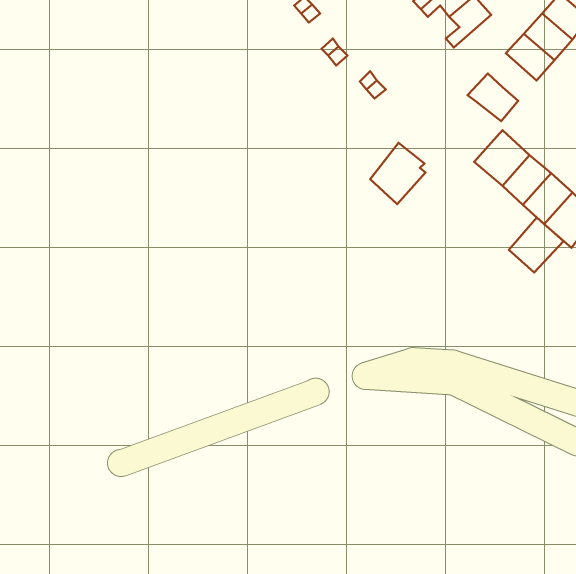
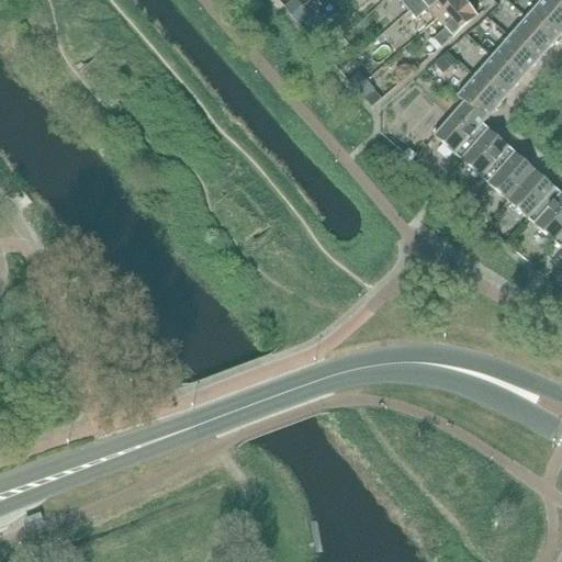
building: none -> [475,52,522,98]
building: [370,143,426,204] -> [436,98,490,157]
building: [509,218,563,273] -> none

